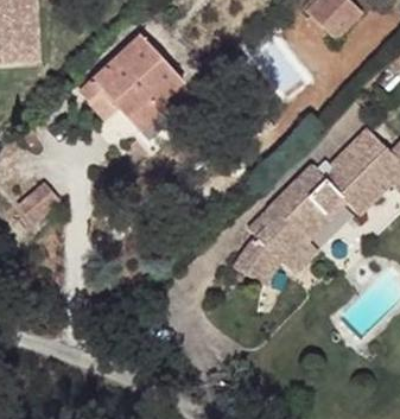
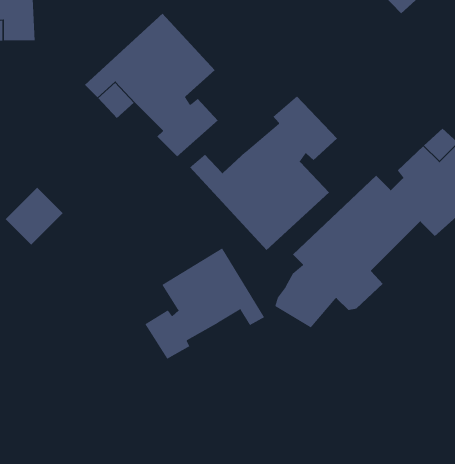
building: none -> [189,96,338,251]
building: none -> [144,248,265,360]

